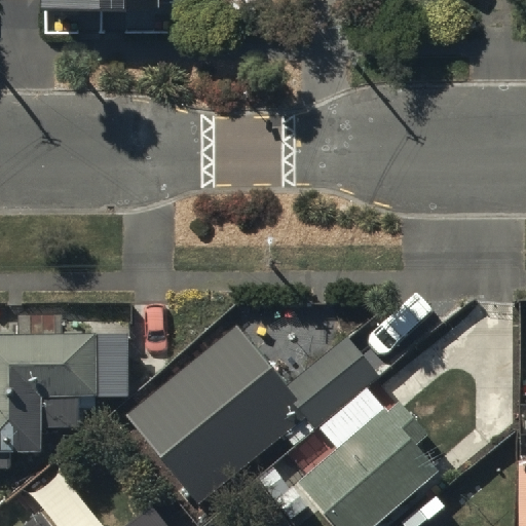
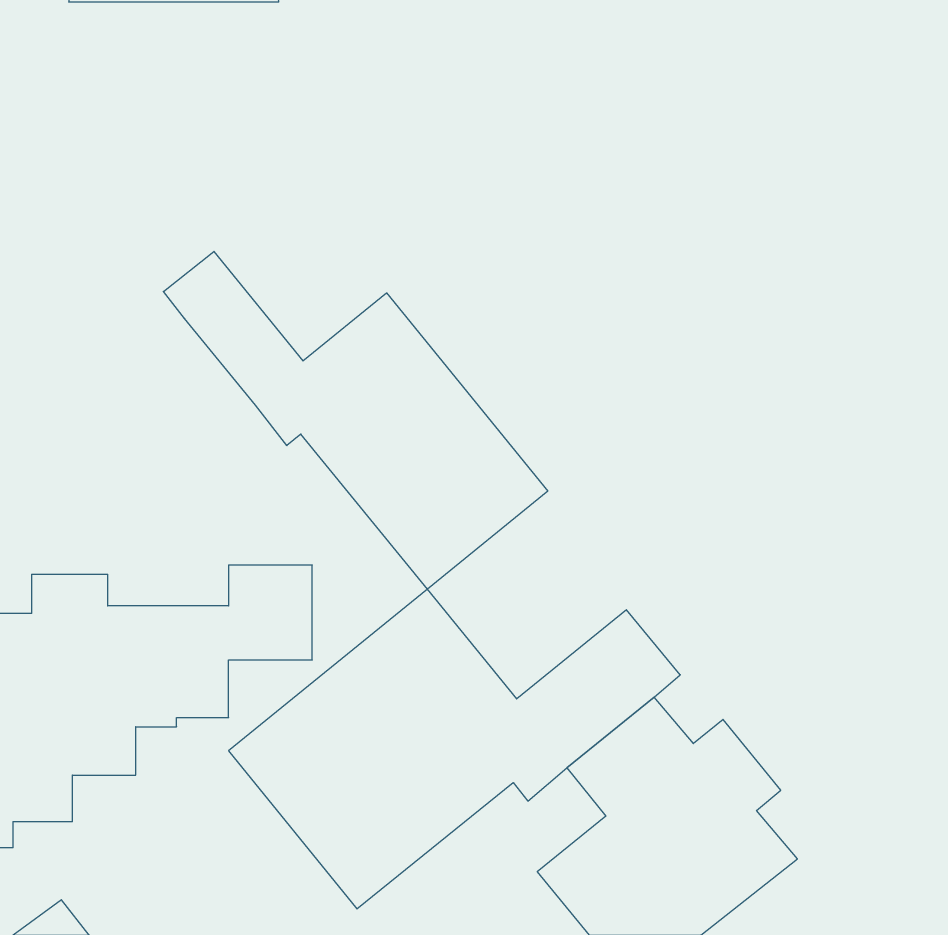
building: none -> [163,251,548,589]

